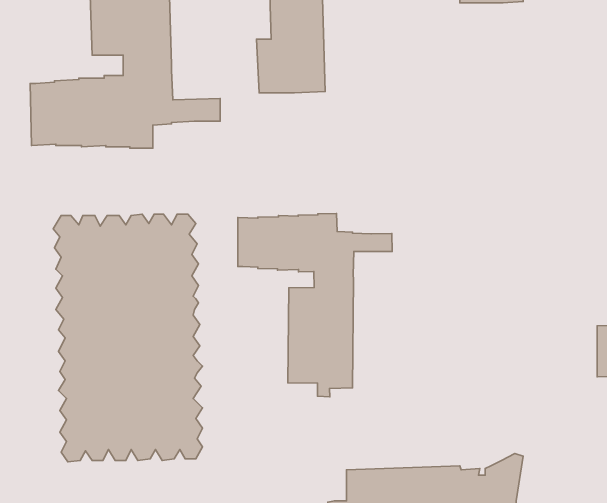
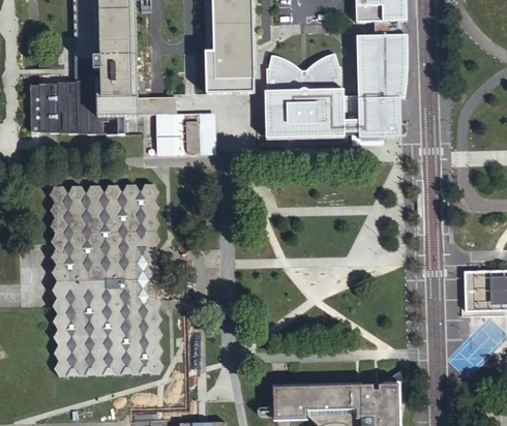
building: none -> [262,32,409,145]
building: none -> [154,113,213,155]
building: [238,213,392,397] -> none

